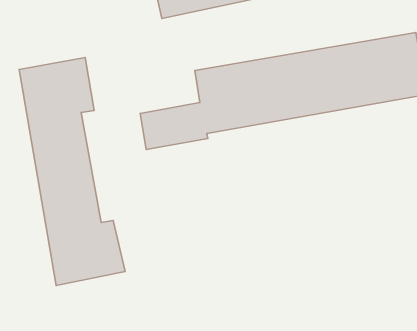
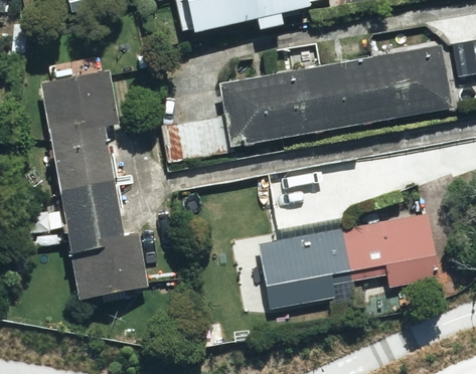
building: none -> [258,214,438,309]

